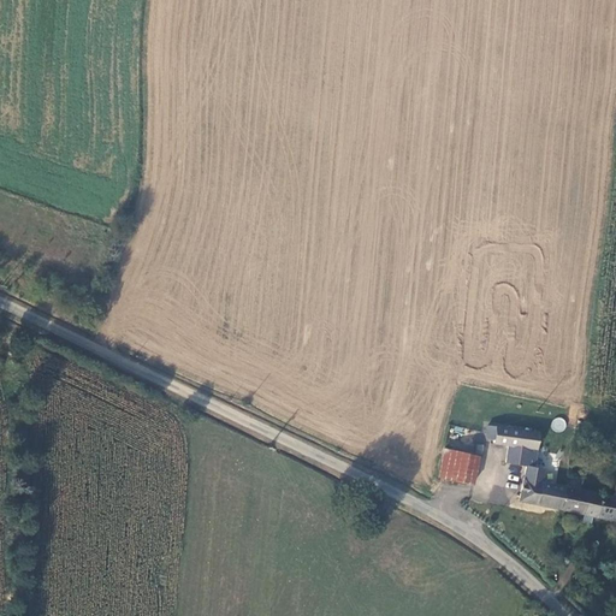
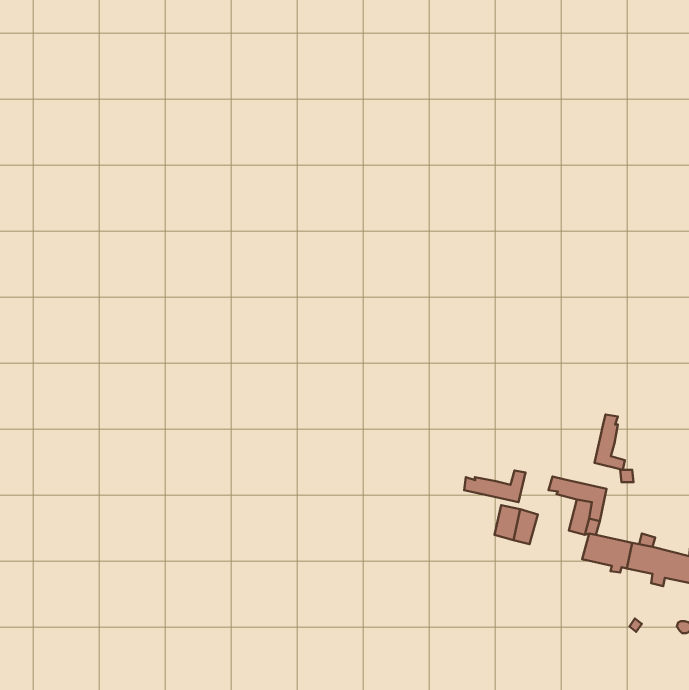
building: none -> [594,415,625,470]
building: none -> [464,470,526,502]

